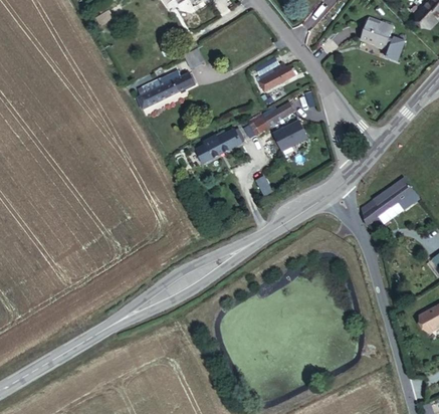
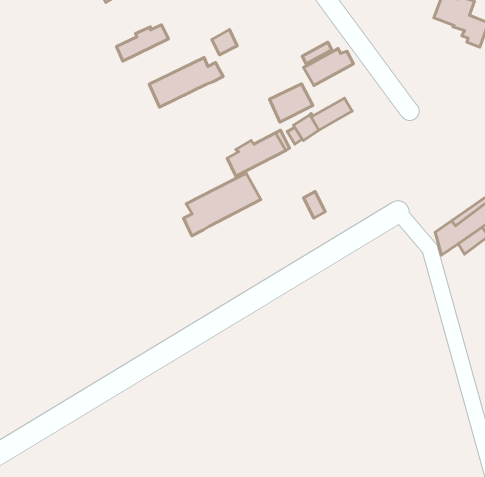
building: none -> [117,25,169,61]
building: [273,122,307,152] -> [270,84,313,122]
building: none -> [184,173,261,236]

